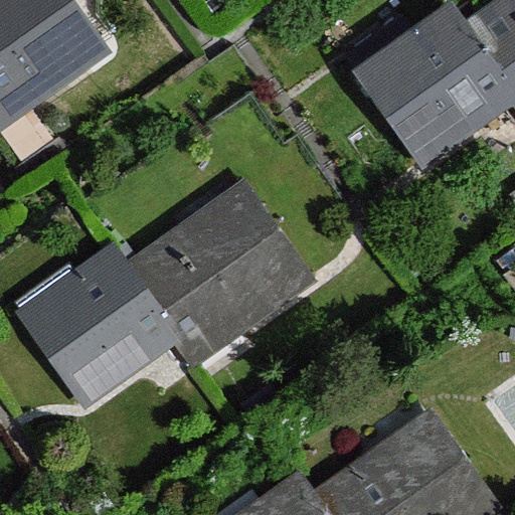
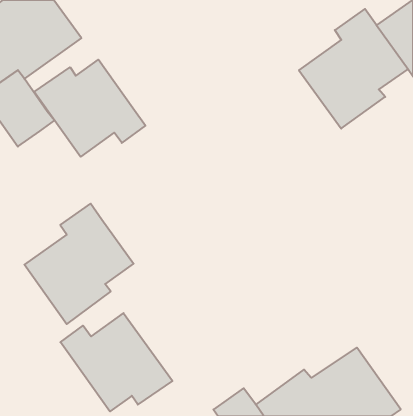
building: none -> [34,60,145,157]
building: [126,201,306,349] -> none
building: none -> [60,313,172,411]

